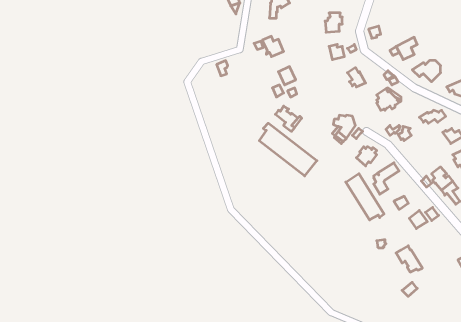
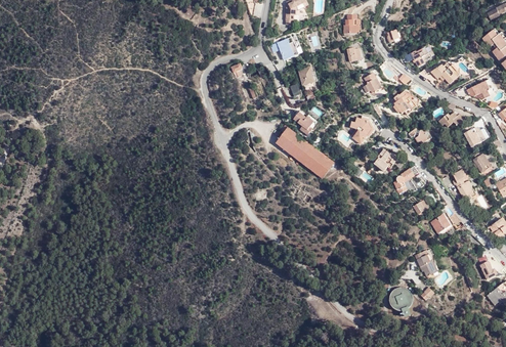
building: [346,174,384,220] -> none
building: none -> [390,287,414,311]

